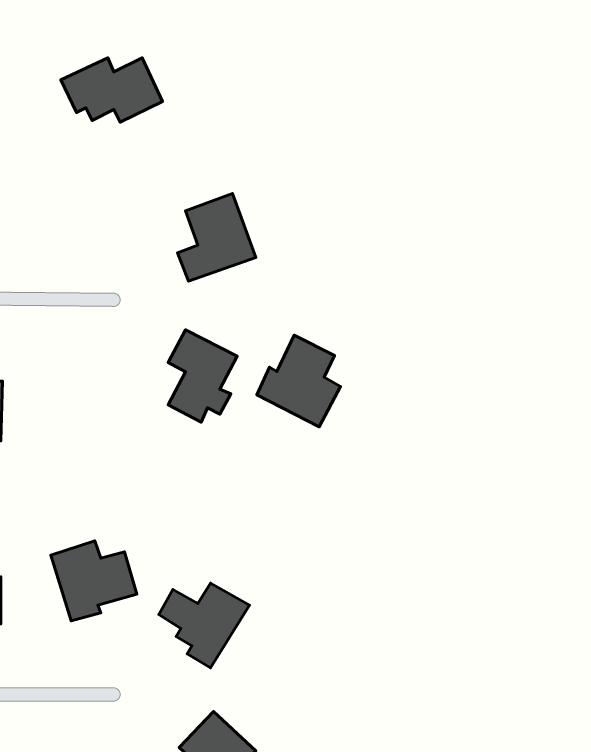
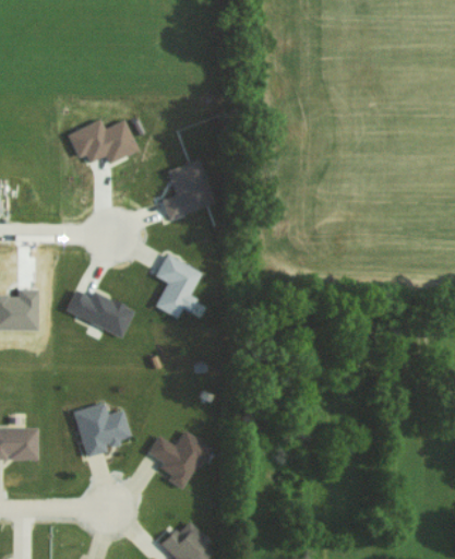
building: [61,58,162,122] -> [67,120,137,165]
building: [257,335,340,427] -> none
building: none -> [64,290,134,337]

